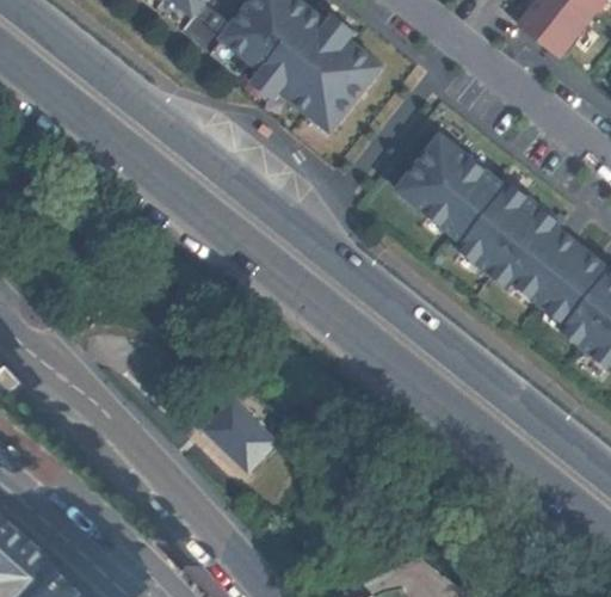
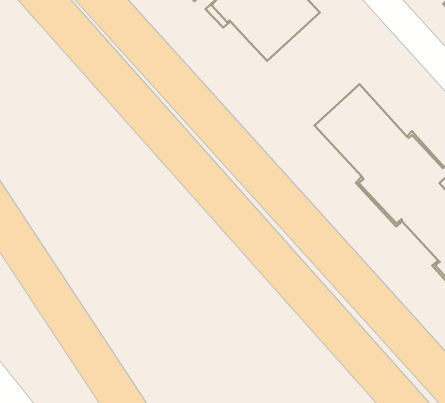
building: [206,392,286,470] -> none

